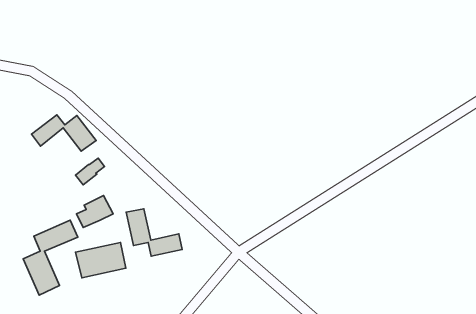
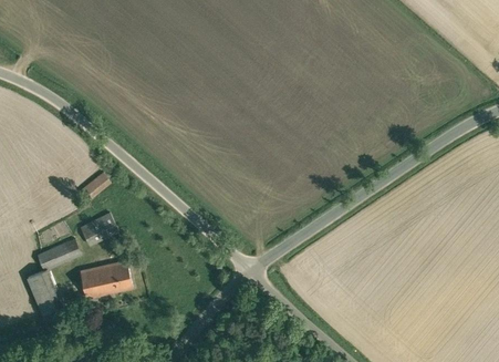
building: [31,115,96,151] -> none
building: [126,209,182,256] -> none

